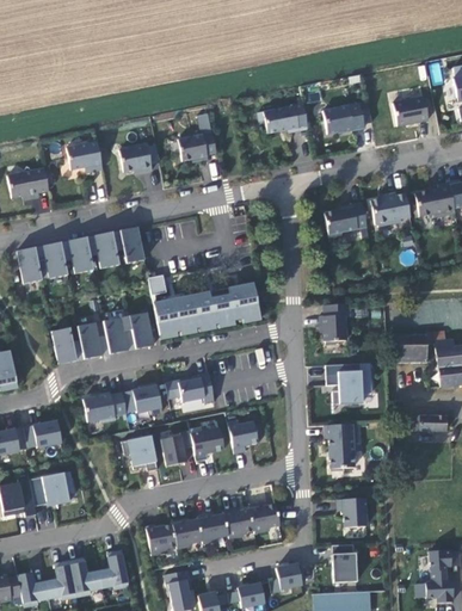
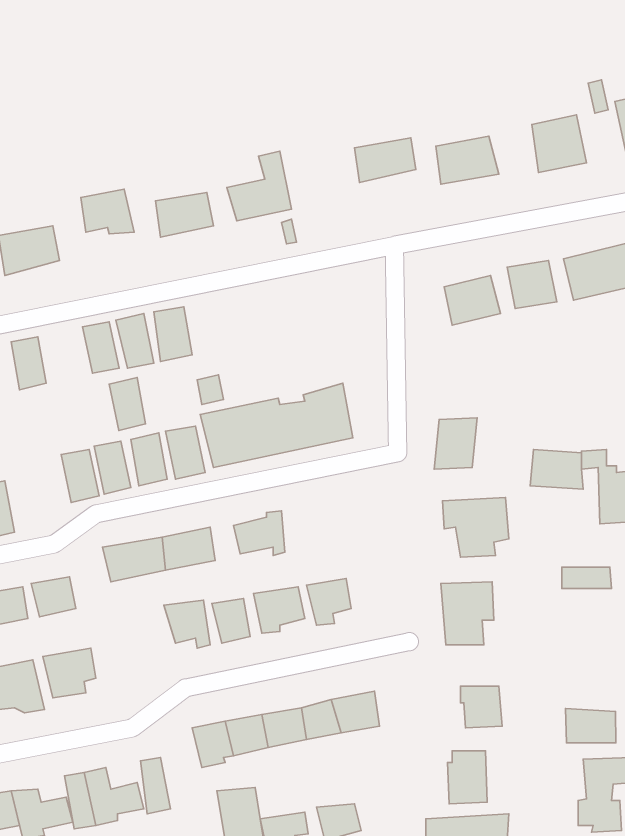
building: [41,240,67,278] -> [109,378,145,431]
building: none -> [566,708,616,743]
building: [270,562,304,592] -> none

